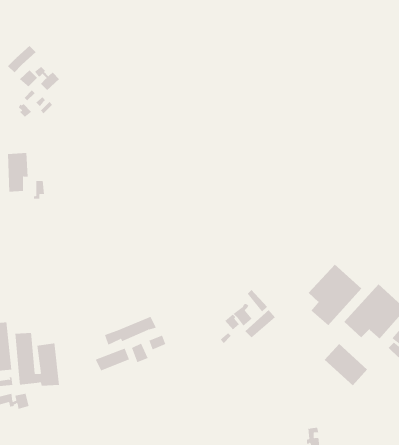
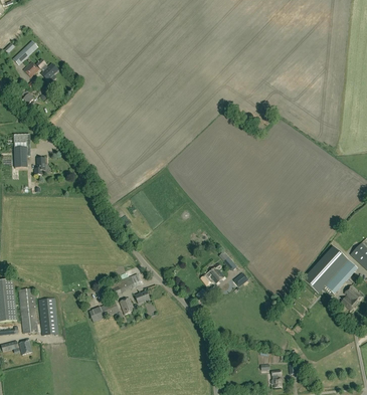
building: [308,264,362,326] -> none
building: [324,343,368,386] -> none

